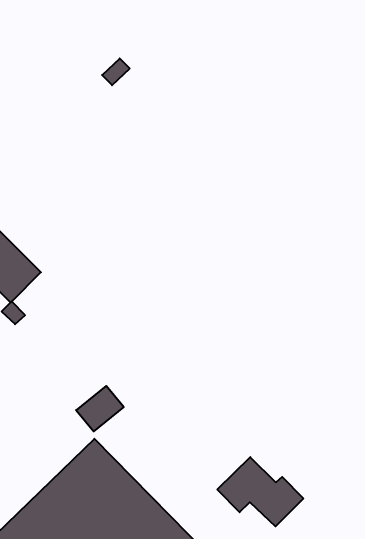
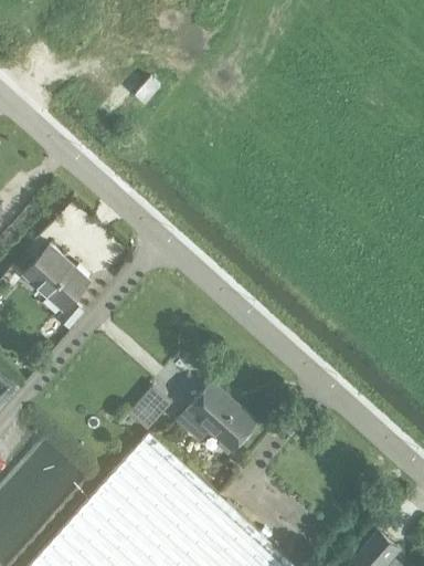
building: [217,457,303,526] -> [176,390,256,453]

